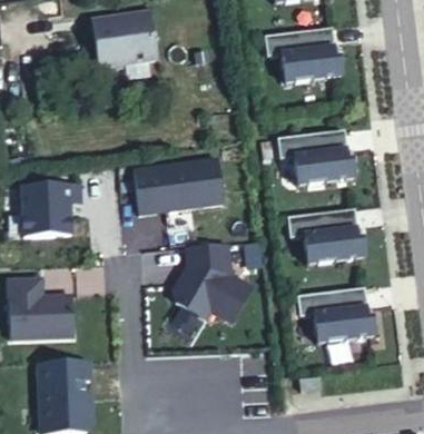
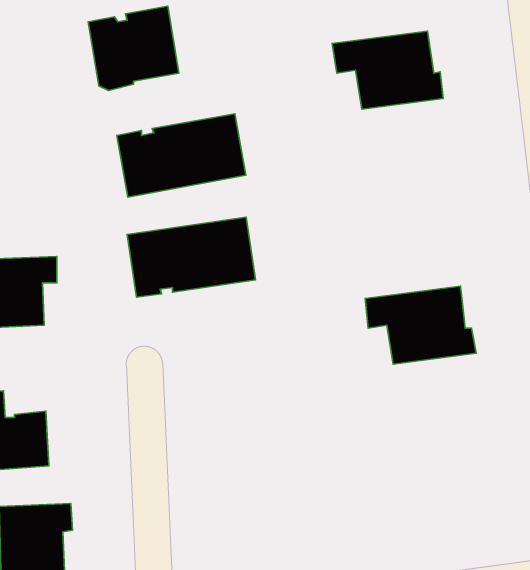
building: none -> [117,114,246,197]
building: [283,129,362,186] -> none
building: [164,243,243,322] -> none
building: [300,285,379,342] -> none

